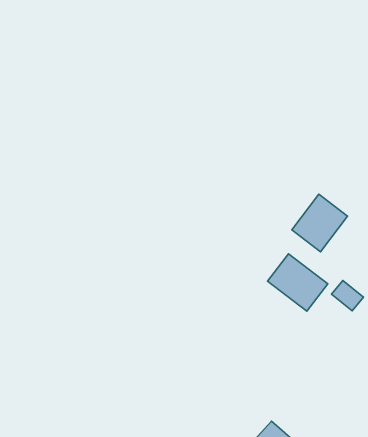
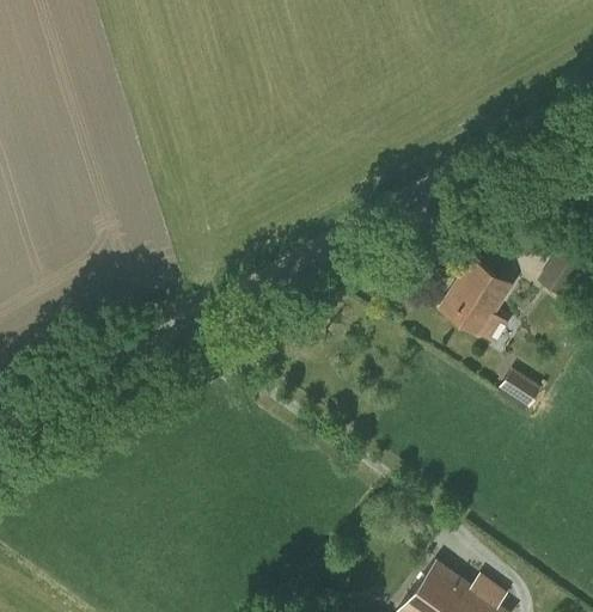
building: [268,254,328,311] -> none

